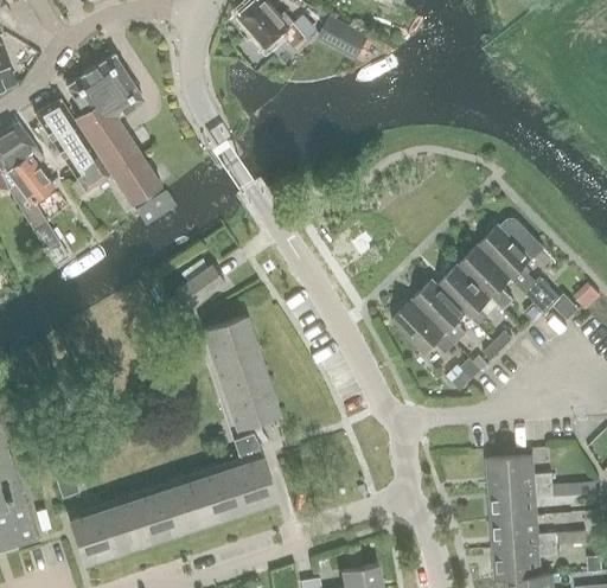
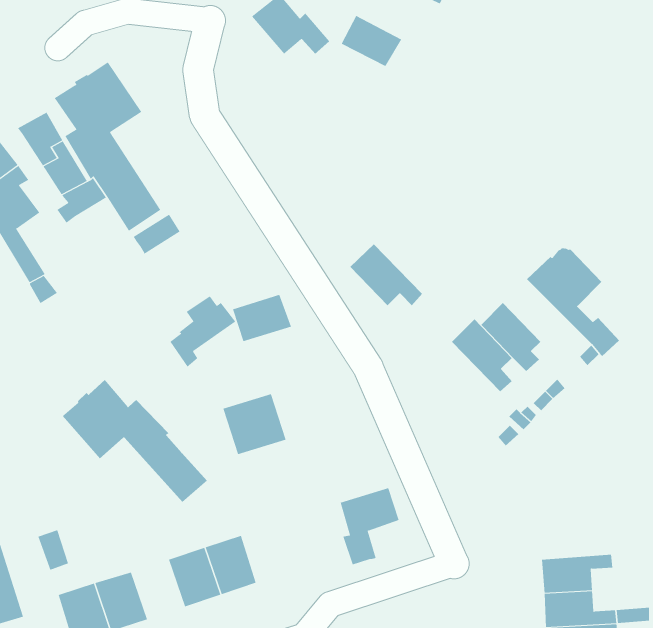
building: [458,244,515,309] -> none
building: [391,299,455,353] -> [349,244,423,306]
building: [204,315,256,357] -> [232,294,292,342]
building: none -> [62,379,208,503]
building: [226,384,279,452] -> [340,488,400,565]
building: [488,455,552,488] -> none
building: [230,456,276,509] -> none
building: [134,488,180,541] -> none

